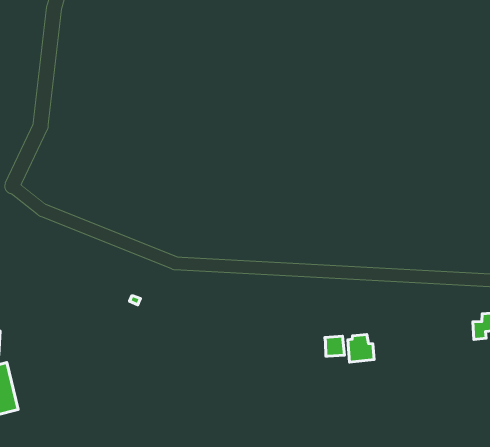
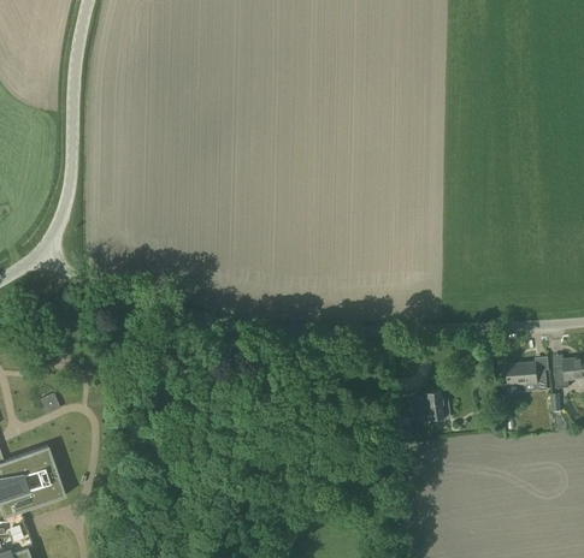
building: none -> [506,361,547,388]

